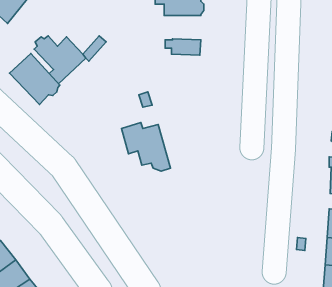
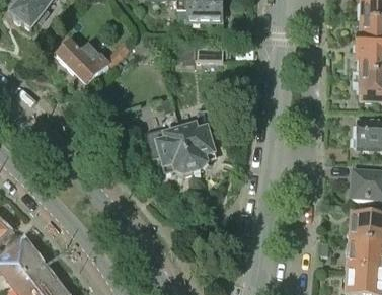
building: [10,54,60,105] -> none
building: none -> [180,109,215,173]

